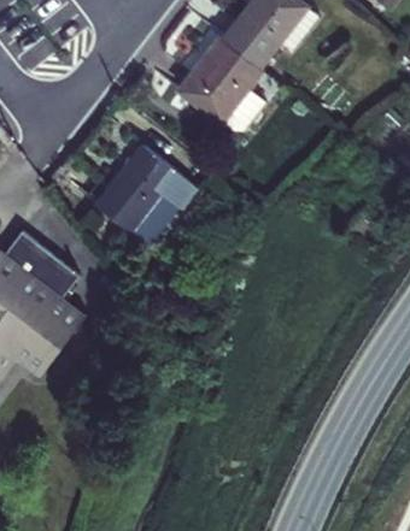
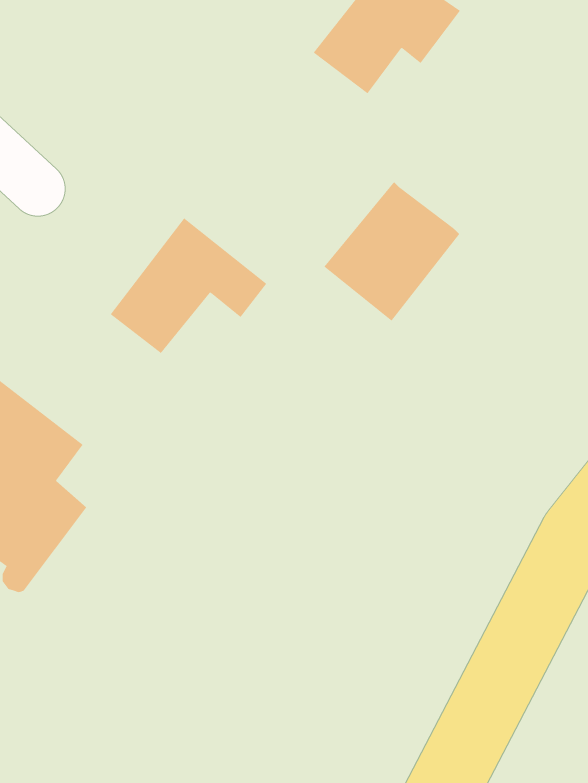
building: [176,35,263,124] -> [324,181,460,321]
building: [128,191,178,244] -> none

